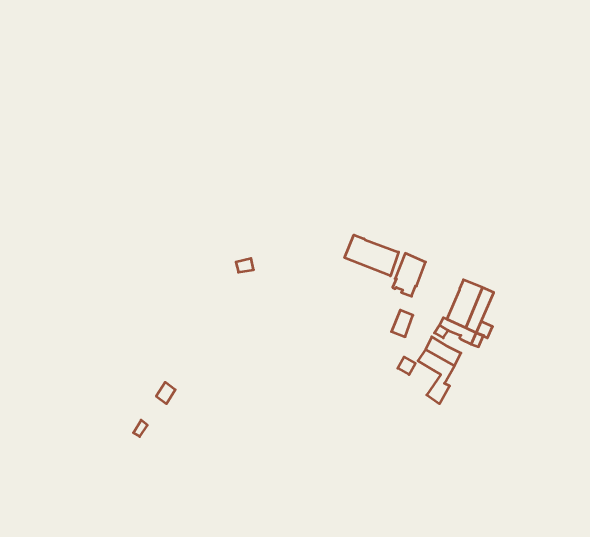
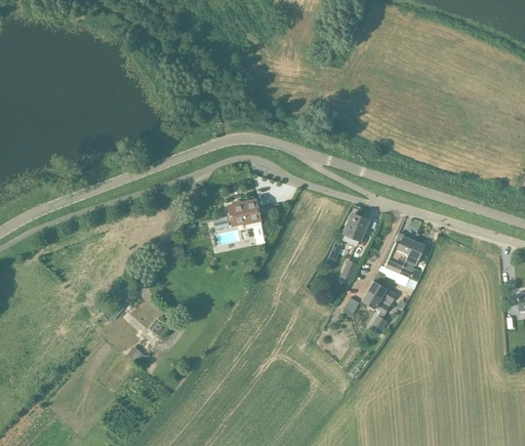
building: [345,235,399,276] -> none
building: none -> [228,199,262,228]

